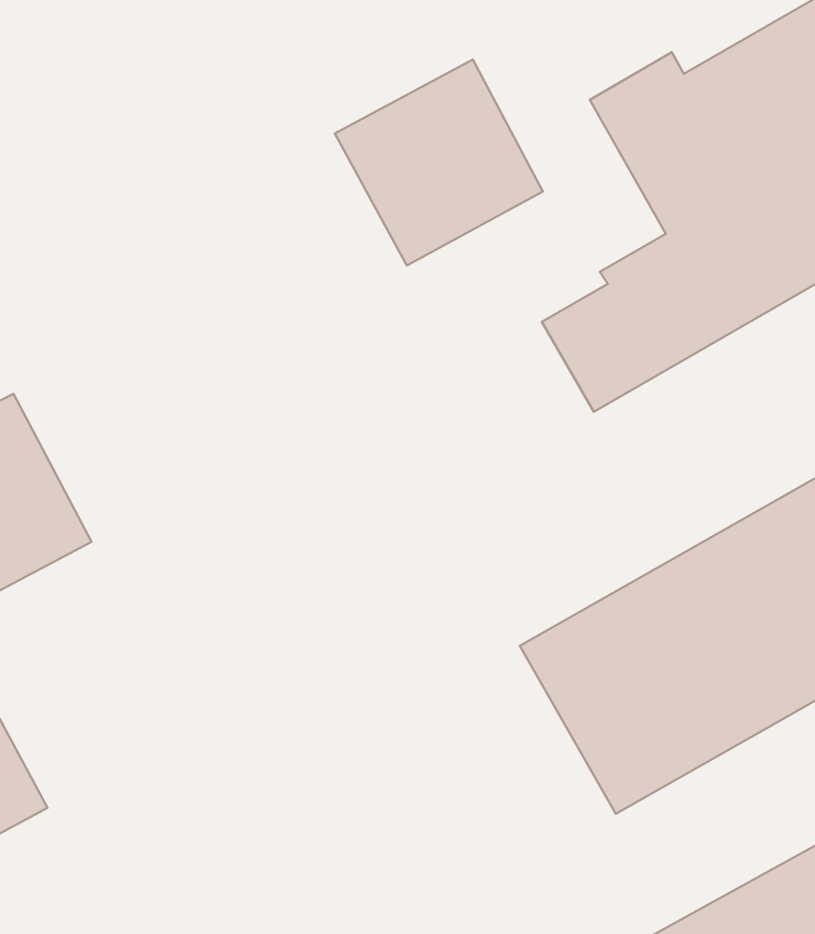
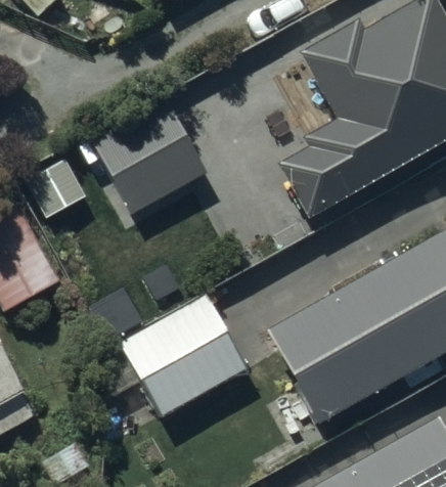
building: [335,60,543,266] -> [97,106,204,212]
building: none -> [123,297,244,412]

